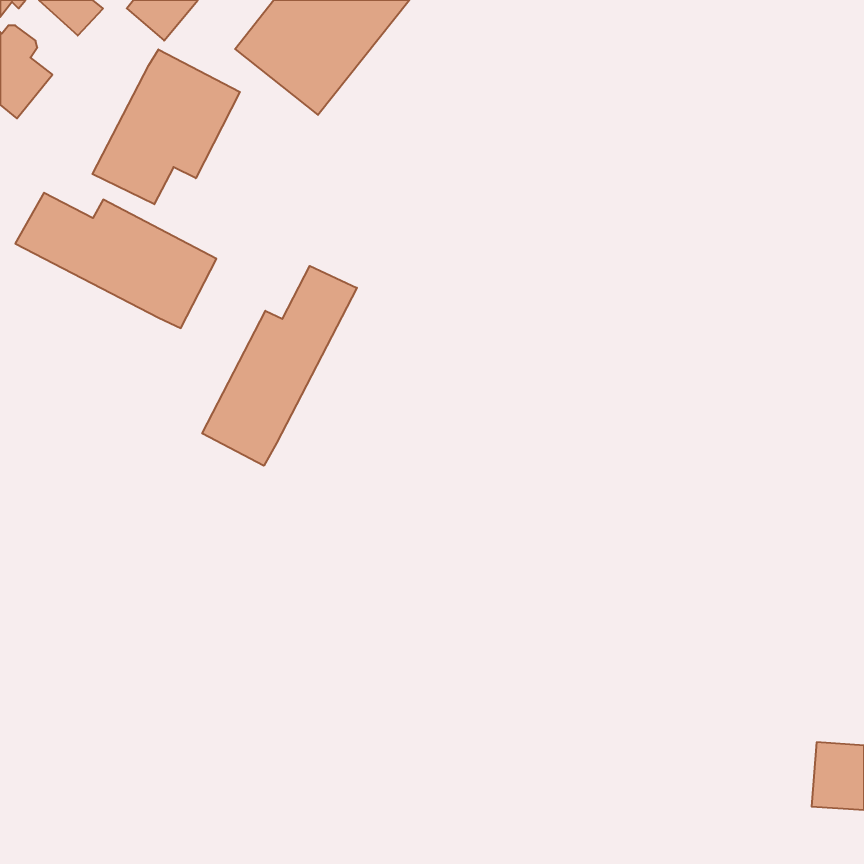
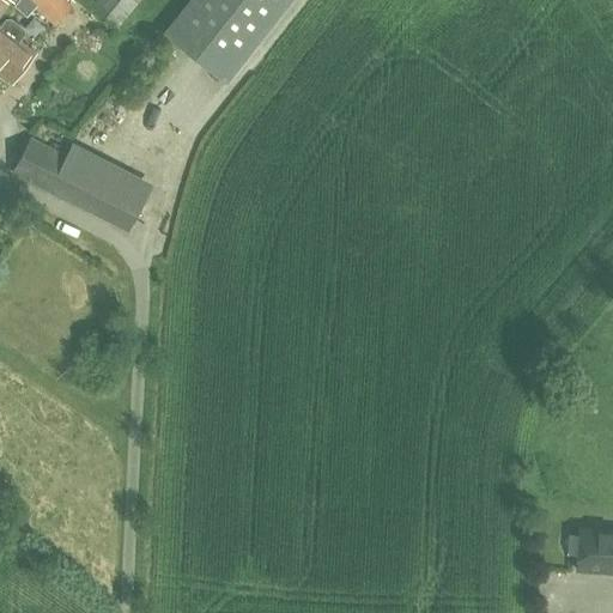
building: [92,49,240,204] -> none
building: [202,266,357,466] -> none

